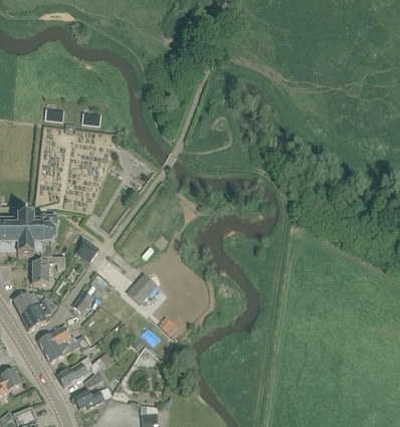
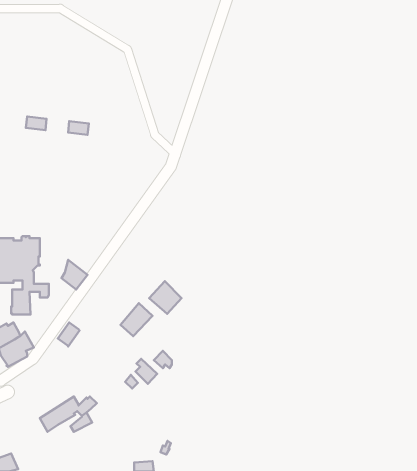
building: none -> [149,281,181,314]
building: [37,326,89,362] -> none
building: [71,389,104,408] -> none

